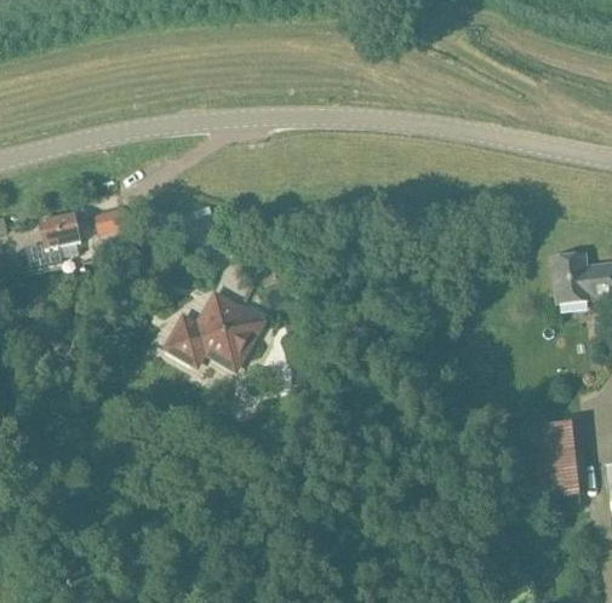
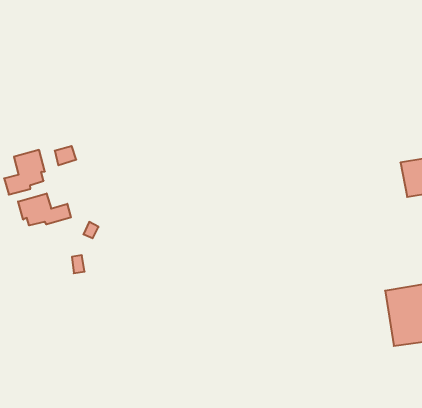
building: none -> [18,193,71,225]
building: [167,305,262,363] -> none

